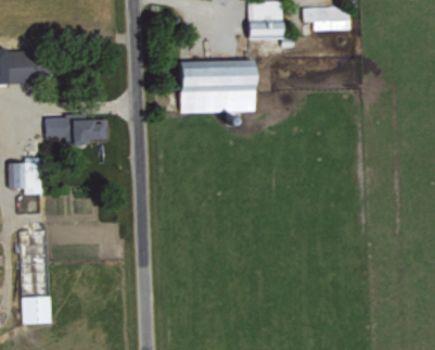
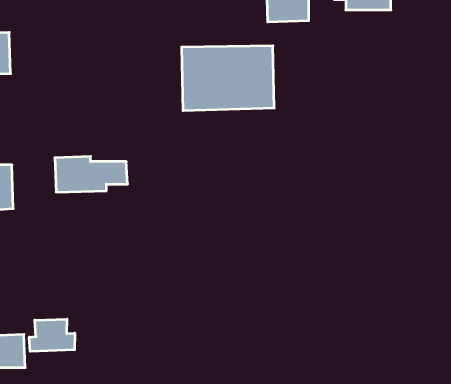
building: [46,116,105,146] -> [55,156,128,192]
building: none -> [29,319,75,351]

